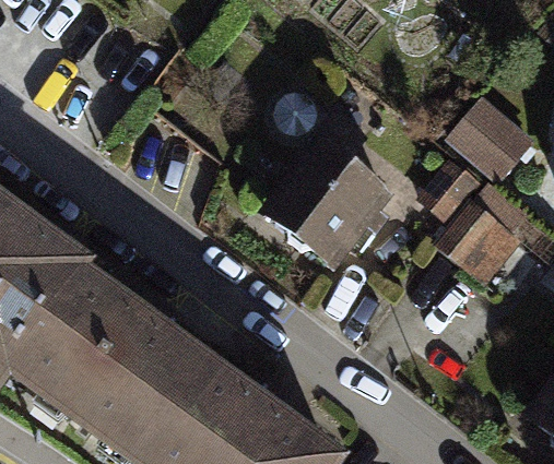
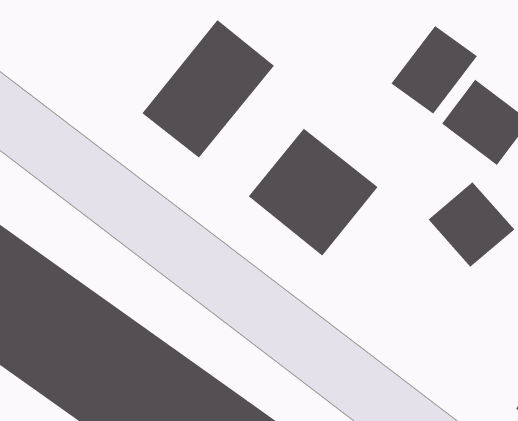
building: none -> [141,19,275,159]
building: none -> [390,25,478,115]

